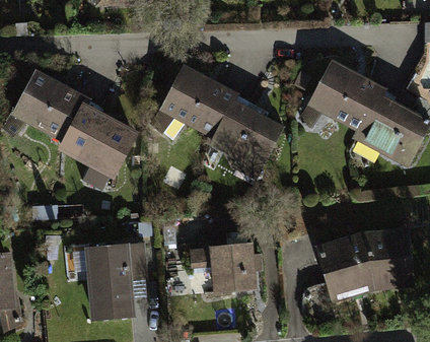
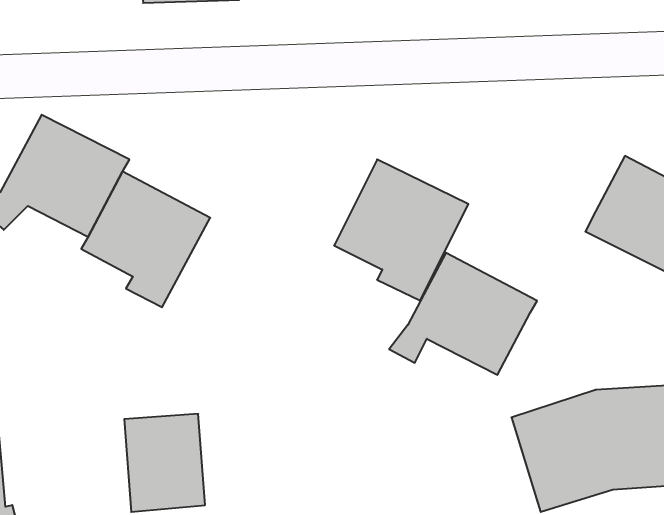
building: [297,58,384,130] -> [389,253,537,375]
building: [160,63,236,138] -> none
building: [209,247,252,294] -> none

